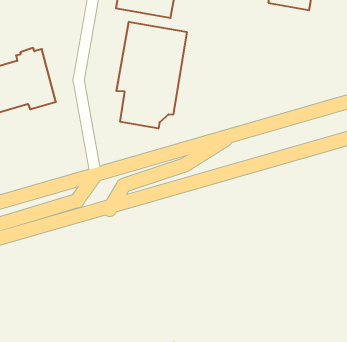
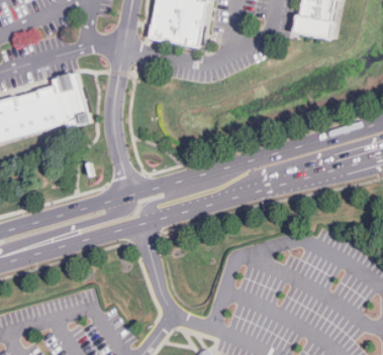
building: [116,22,187,128] -> none

